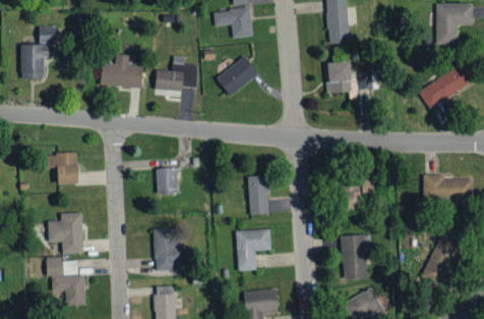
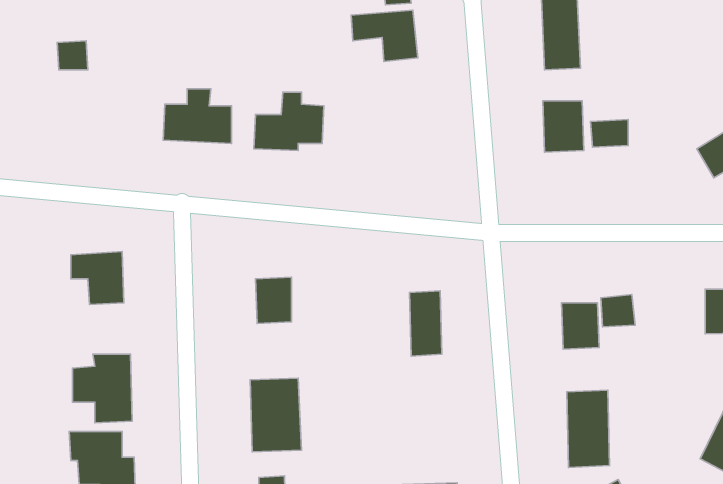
building: [21,45,49,81] -> none
building: [217,56,258,97] -> none
building: [236,229,270,270] -> none

